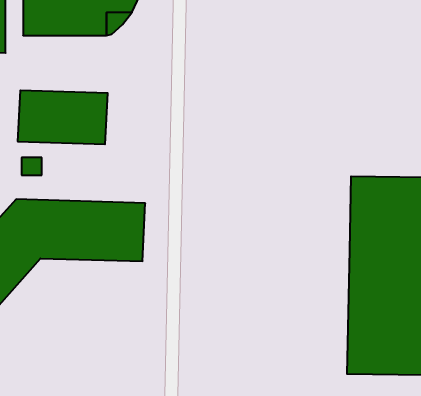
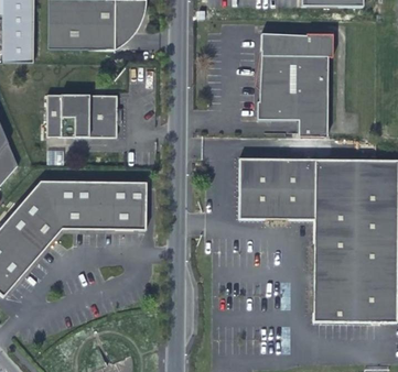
building: none -> [258,30,335,135]
building: none -> [240,162,318,223]

